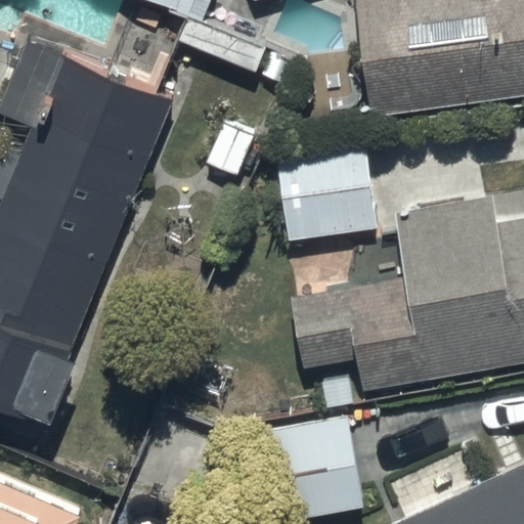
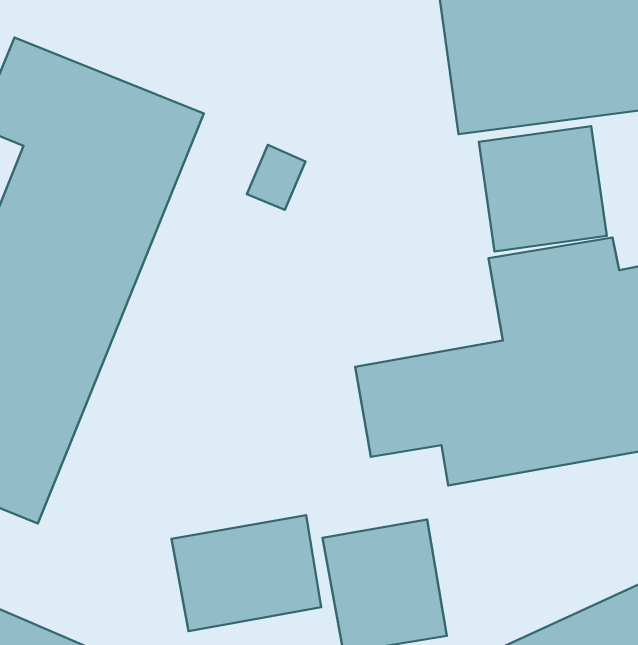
building: [277,143,378,242] -> [479,126,607,251]
building: none -> [171,515,321,631]

